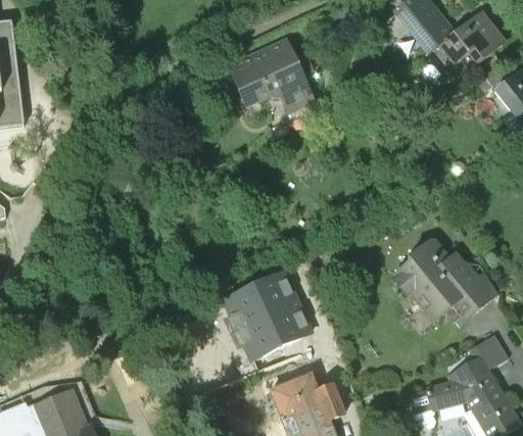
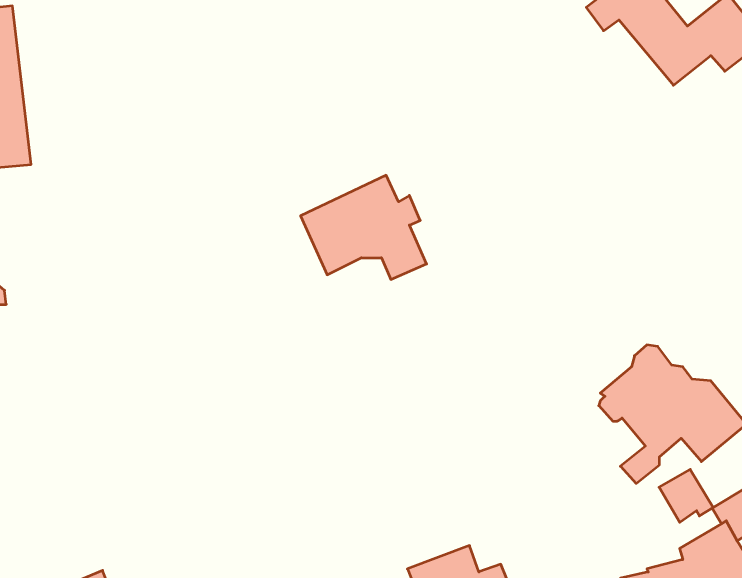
building: [229,40,312,108] -> [301,175,427,279]
building: [223,272,310,358] -> none
building: none -> [659,469,713,522]

